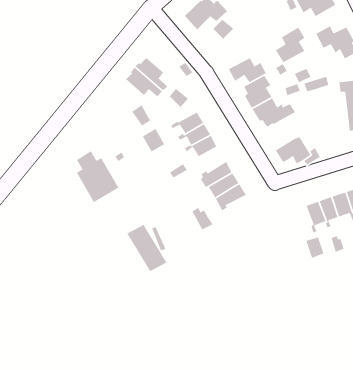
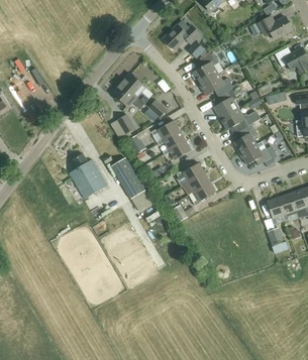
building: [275,26,306,63] -> [193,52,219,84]
building: none -> [234,124,258,153]
building: [126,224,167,272] -> [110,157,145,199]

